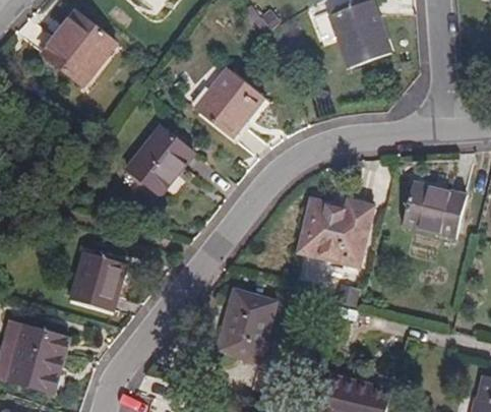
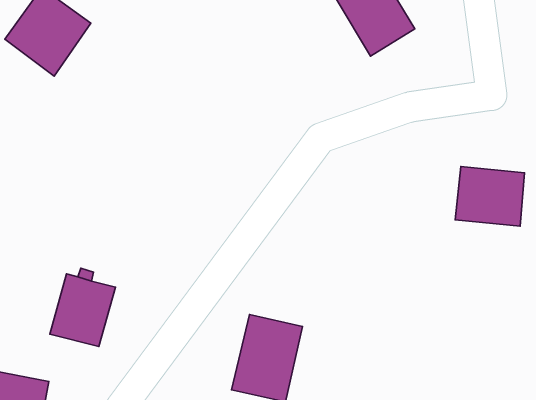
building: [195,68,263,138] -> none
building: [125,127,191,194] -> none
building: [299,199,372,267] -> none

